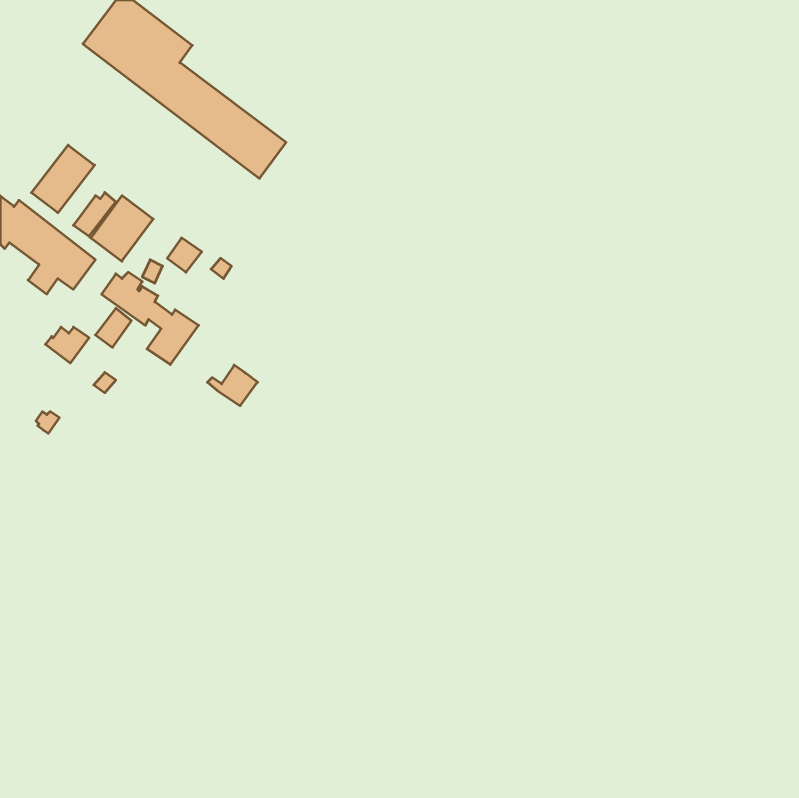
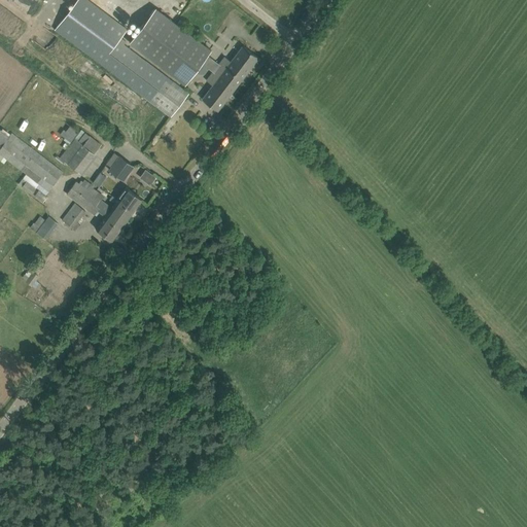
building: none -> [129,8,212,86]
building: none -> [202,46,258,111]
building: [31,145,95,213] -> none
building: [207,365,258,406] -> [109,188,142,215]

